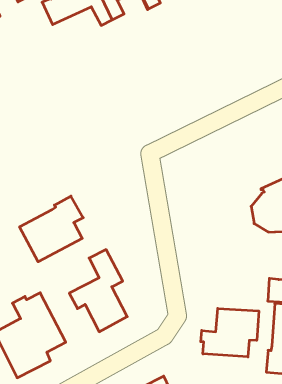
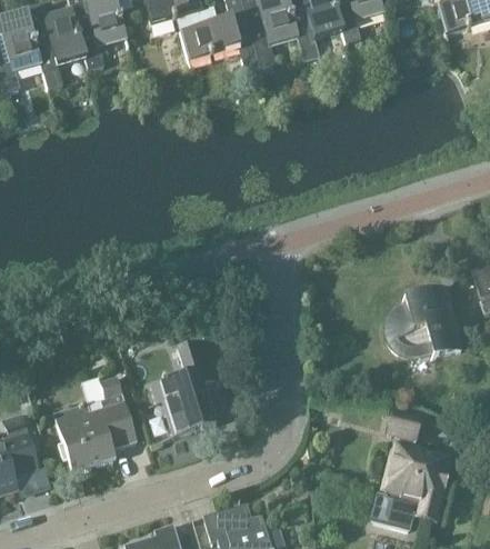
building: [20,196,83,262] -> none
building: [201,308,259,357] -> none

